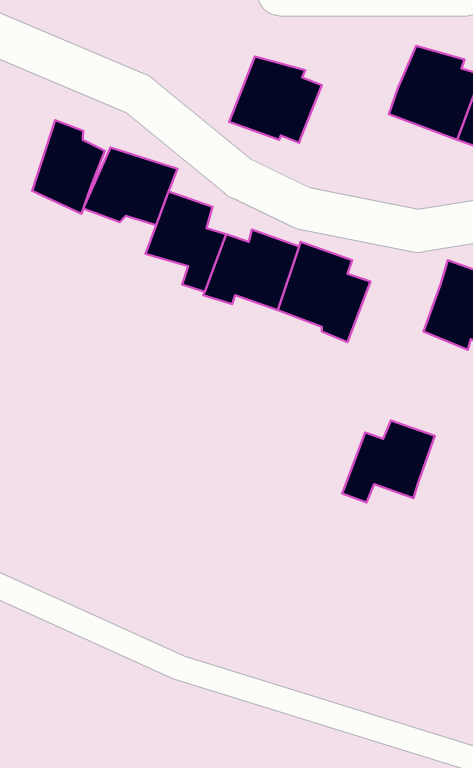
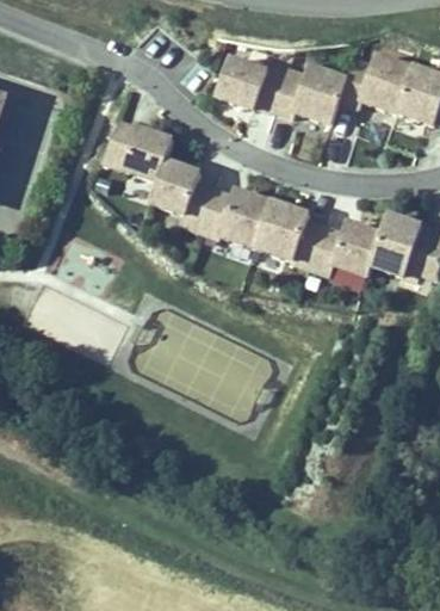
building: none -> [269,61,346,126]
building: [32,120,105,214] -> none
building: [342,420,435,503] -> [306,215,379,279]

